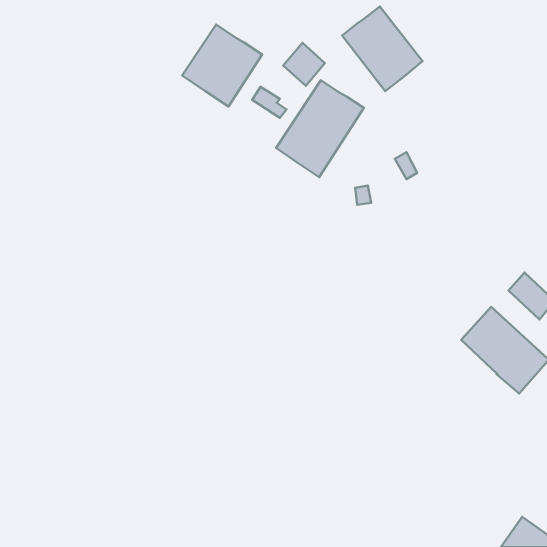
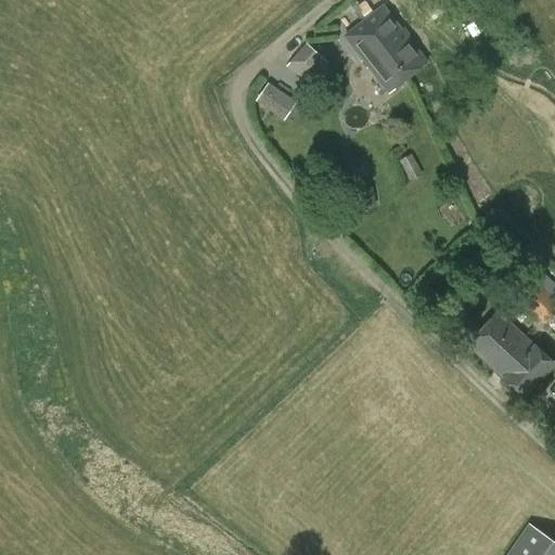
building: [182,24,262,106] -> none
building: [276,80,364,177] -> none

